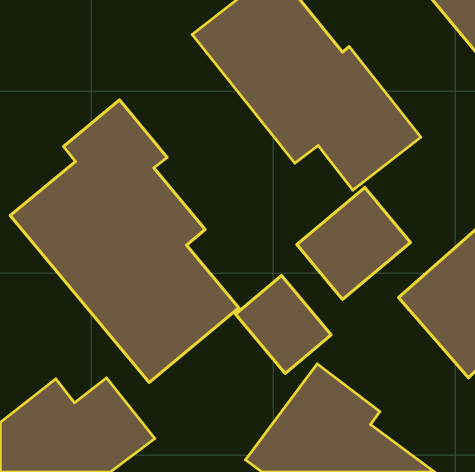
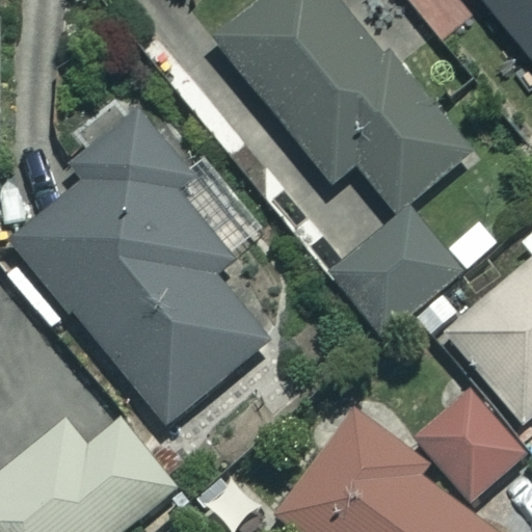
building: [235,276,331,374] -> none
building: none -> [413,389,524,500]

